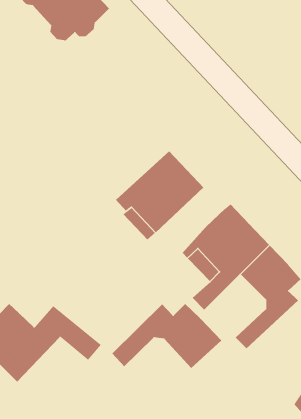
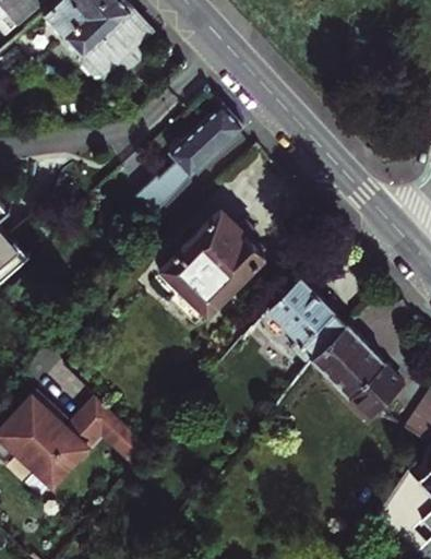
building: none -> [141,108,244,216]
building: [111,303,222,369] -> none

